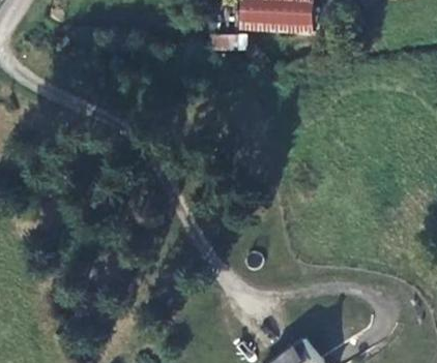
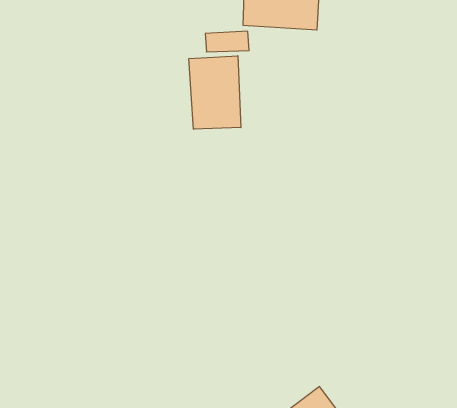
building: none -> [189,56,241,129]

